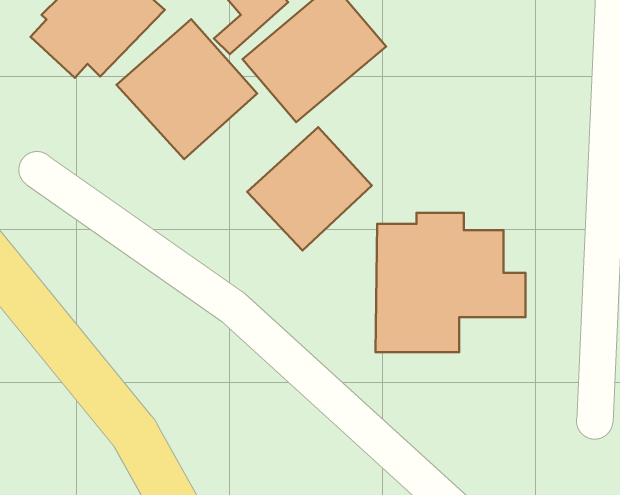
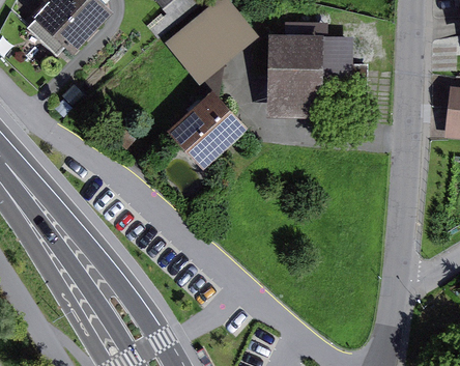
building: [117,19,257,159] -> none
building: [376,213,526,352] -> [270,24,369,115]

